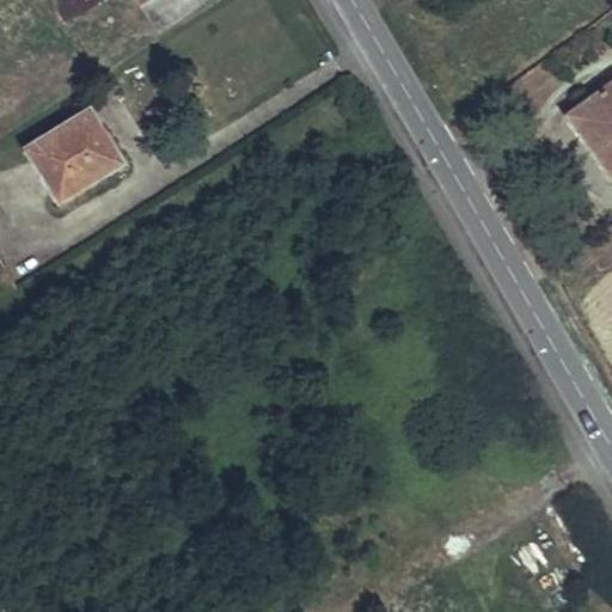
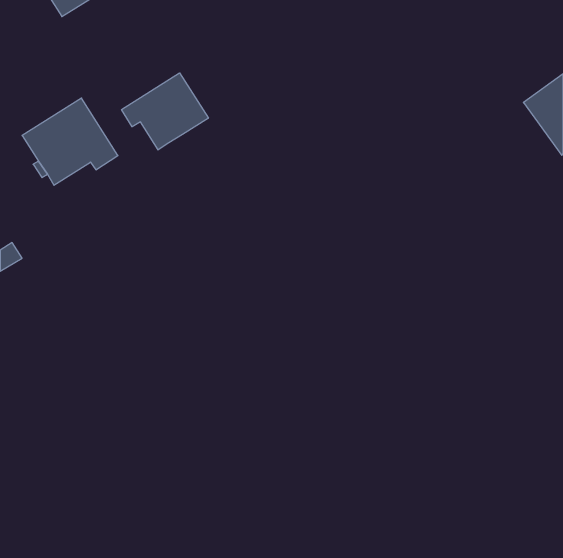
building: none -> [122,73,208,150]

